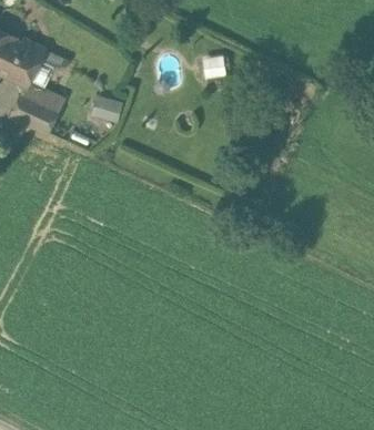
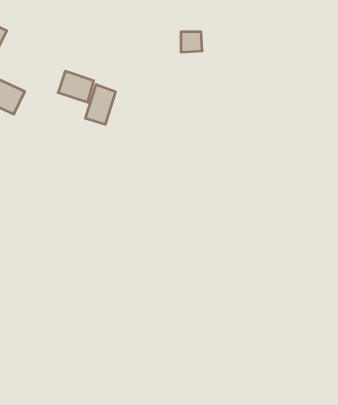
building: none -> [85,84,115,124]

